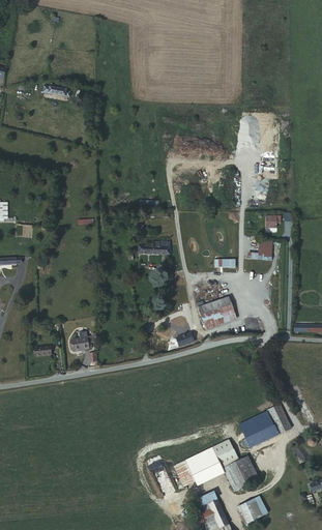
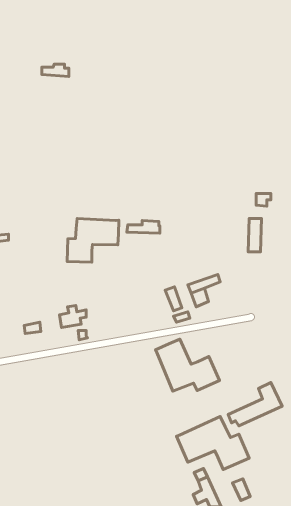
building: none -> [67,219,119,262]
building: none -> [155,339,220,391]

